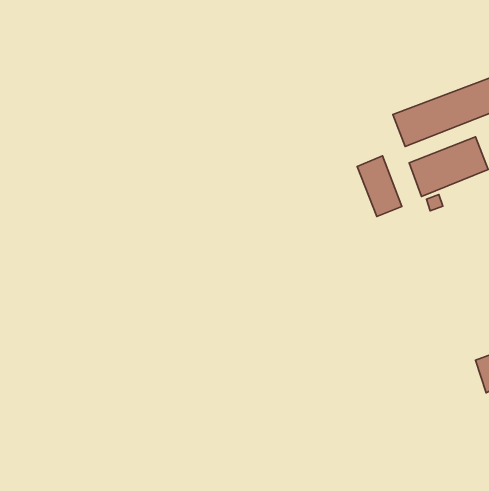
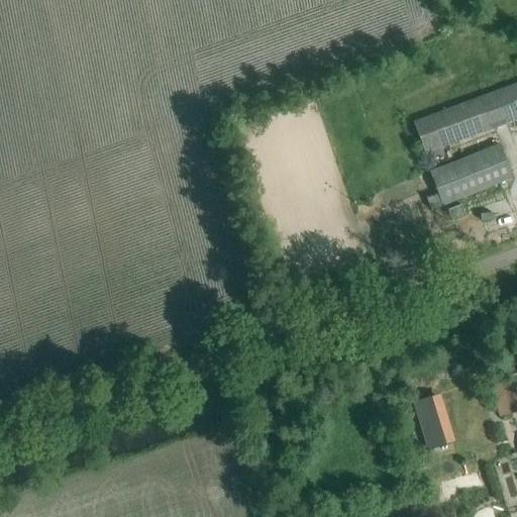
building: [357,156,402,217] -> none
building: none -> [416,394,453,449]

